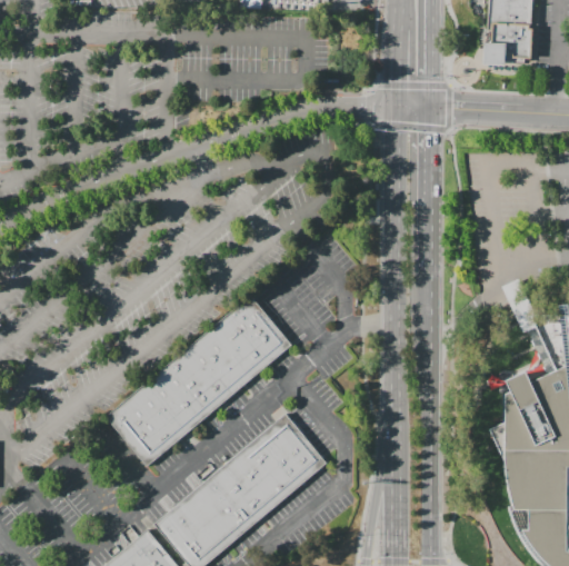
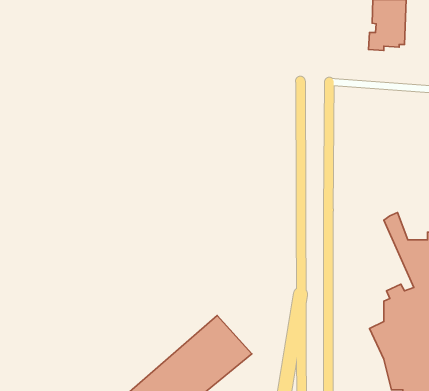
building: [107,298,291,466] -> none

